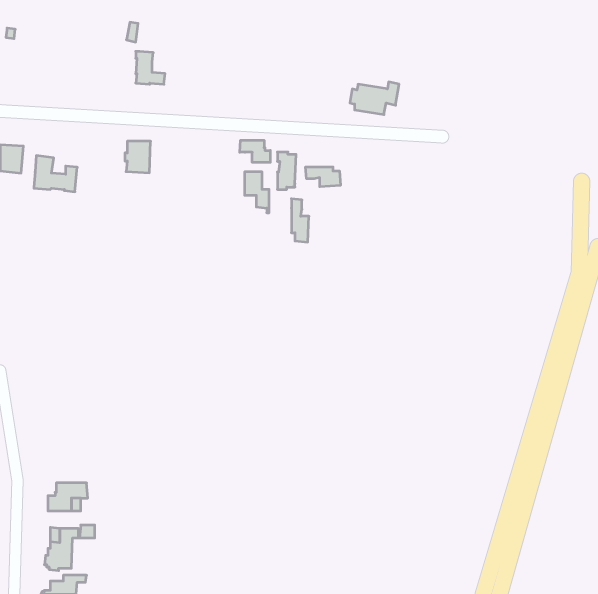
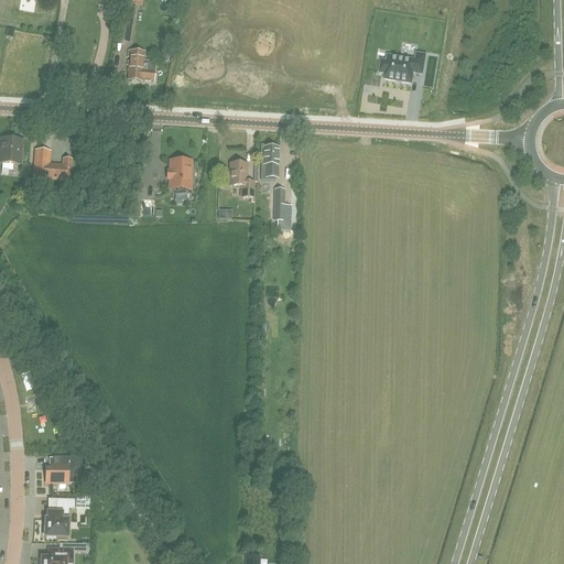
building: [350,82,399,115] -> [379,51,425,82]
building: [240,140,270,162] -> none
building: [125,141,151,173] -> [167,159,192,188]
building: [306,167,340,187] -> none

